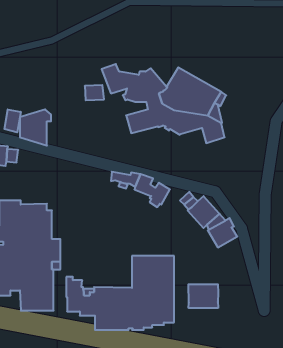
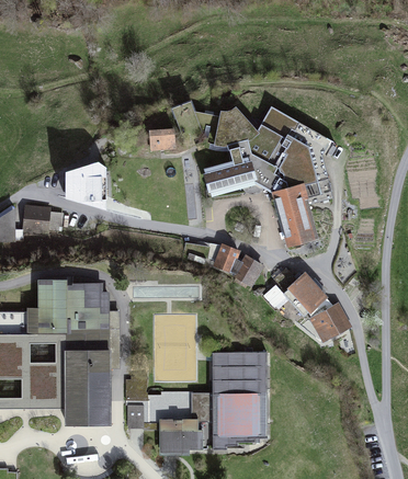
building: [4,109,21,132] -> none
building: none -> [271,185,316,244]
building: [188,284,218,308] -> none

